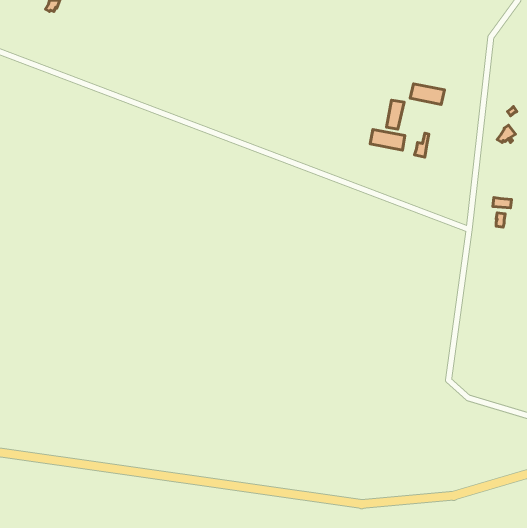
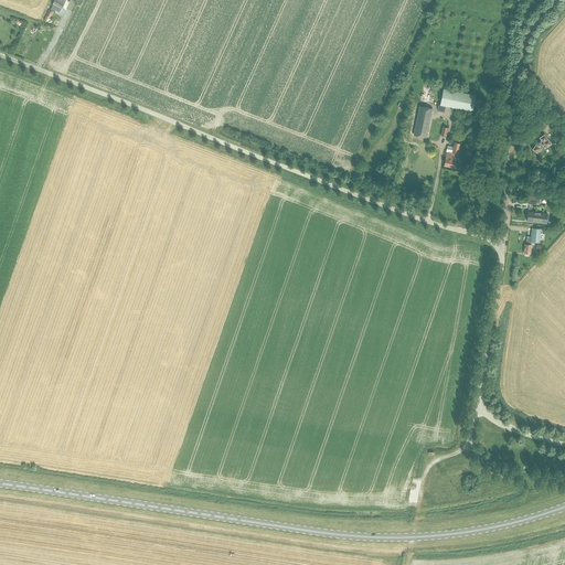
building: [370,129,405,150] -> none

